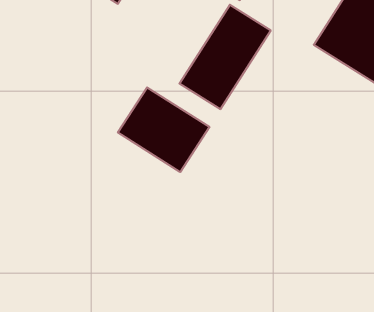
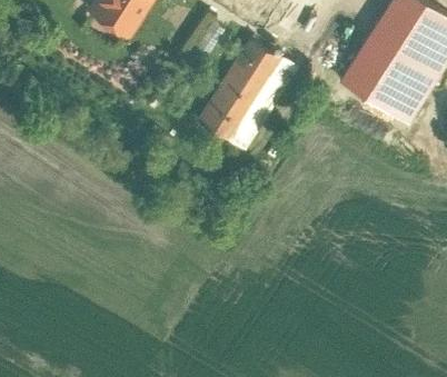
building: [118,87,209,172] -> none

